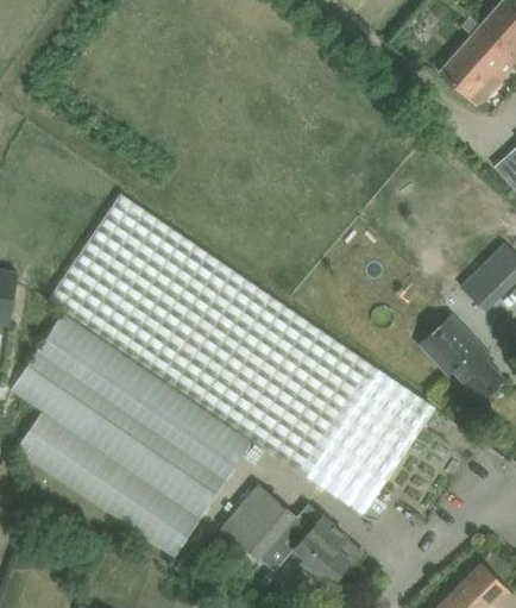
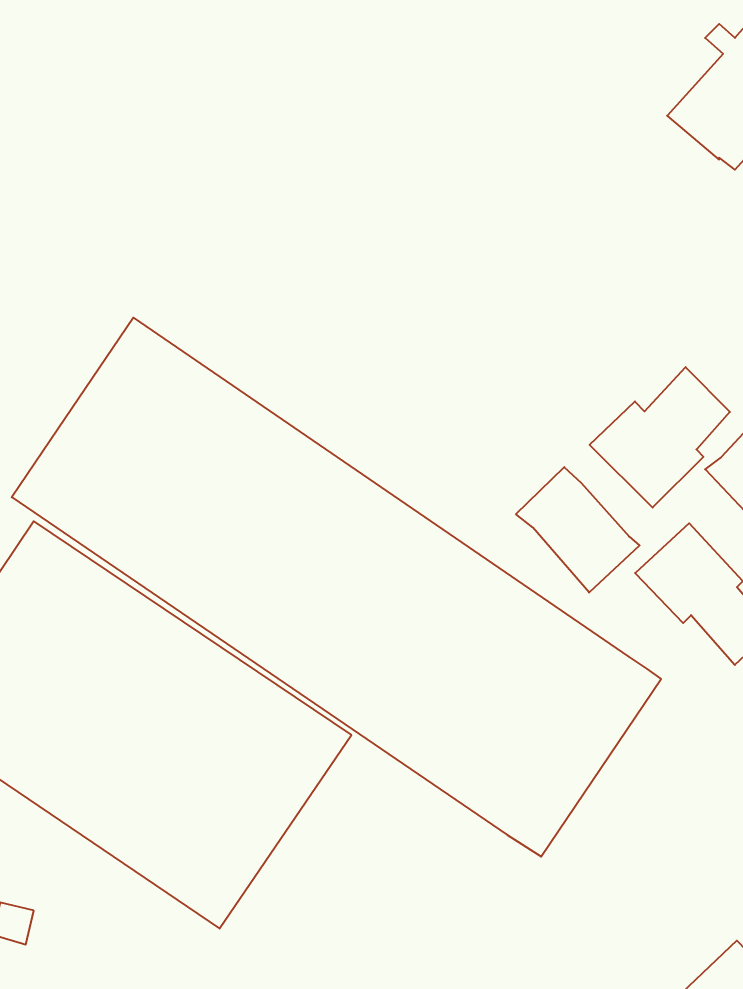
building: none -> [590,367,730,508]
building: none -> [516,467,640,593]
building: [222,485,350,585] -> none

